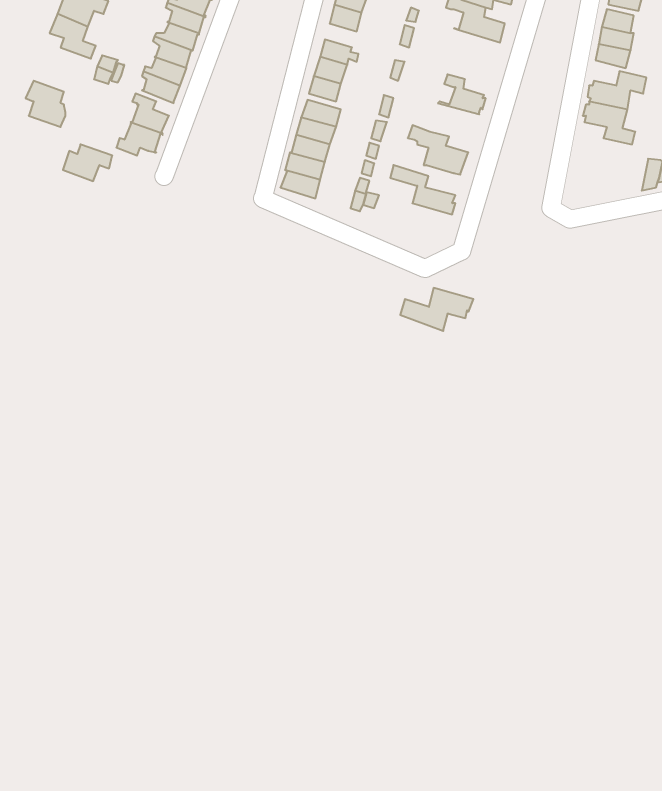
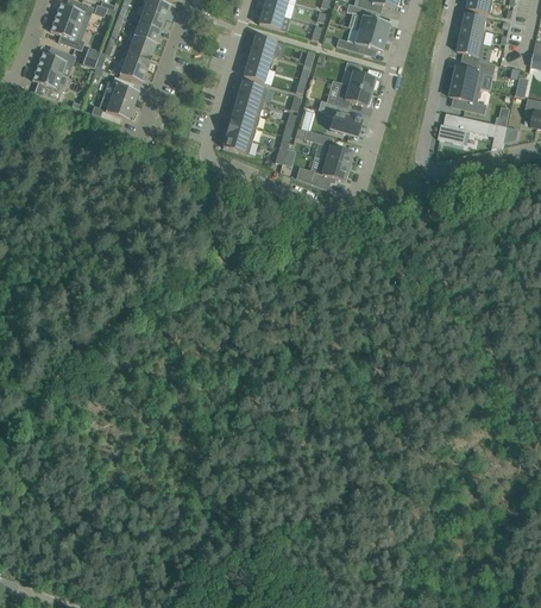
building: none -> [336,26,386,54]
building: none -> [334,82,371,107]
building: [63,144,112,181] -> [38,46,75,74]
building: none -> [438,115,489,144]
building: [400,288,473,331] -> [296,157,351,189]

